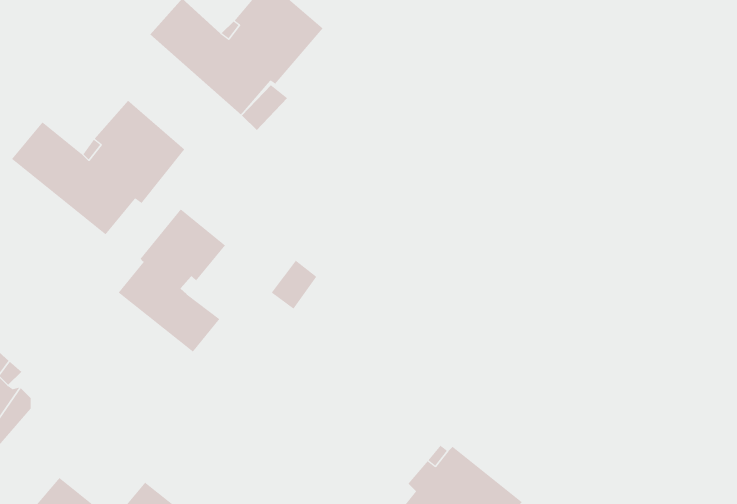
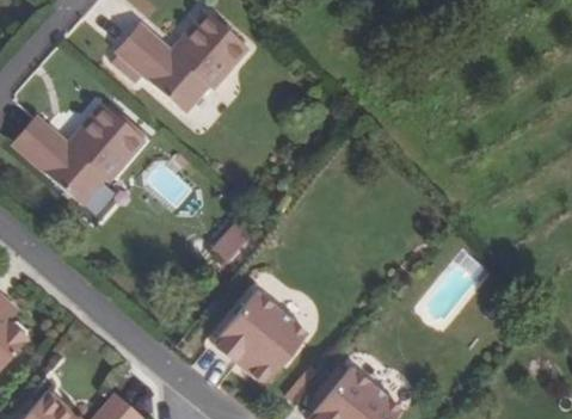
building: [118,209,226,353] -> none
building: none -> [211,294,307,384]

